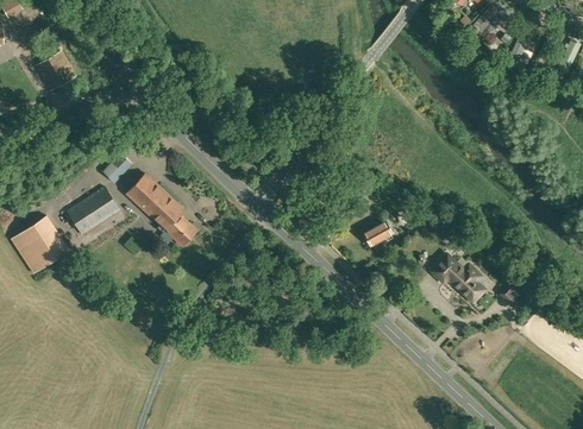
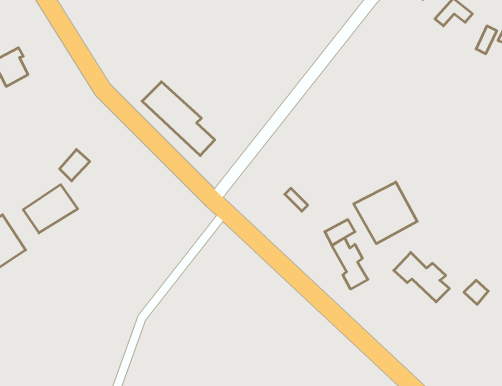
building: [126,175,198,247] -> [142,82,215,156]
building: none -> [354,182,417,244]
building: none -> [332,238,368,289]

